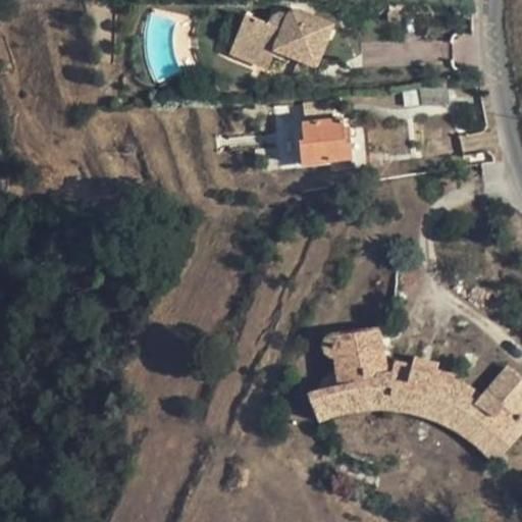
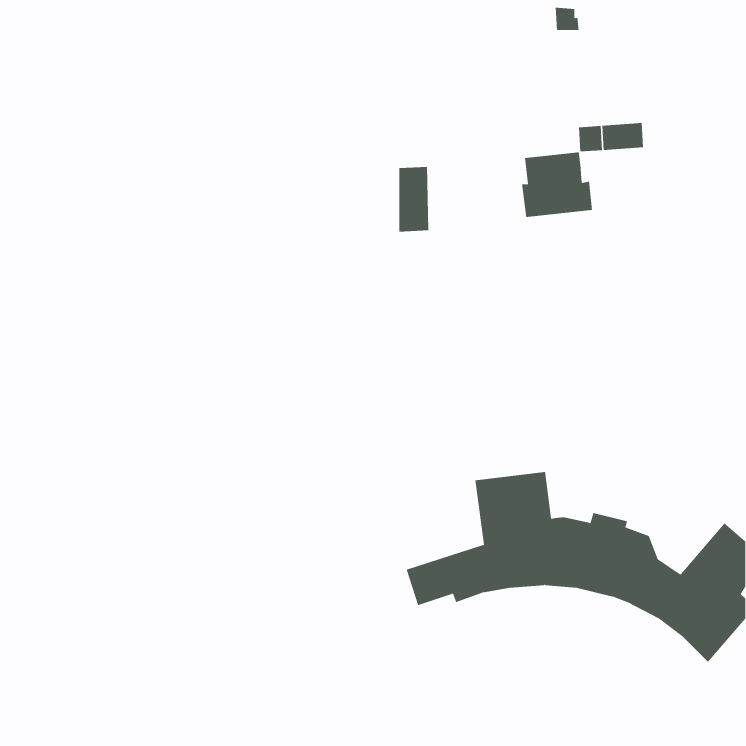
building: [230,6,334,69] -> none
building: [301,118,351,164] -> [521,152,593,218]

